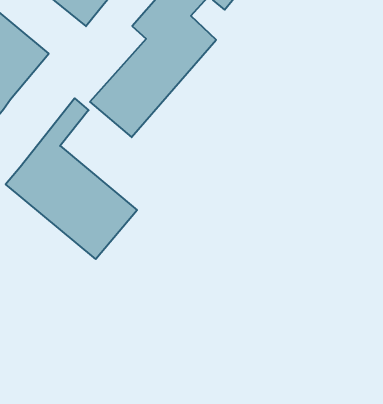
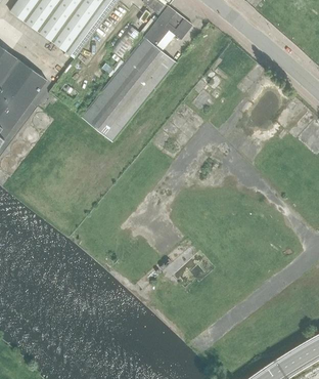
building: [6,98,137,259] -> none

